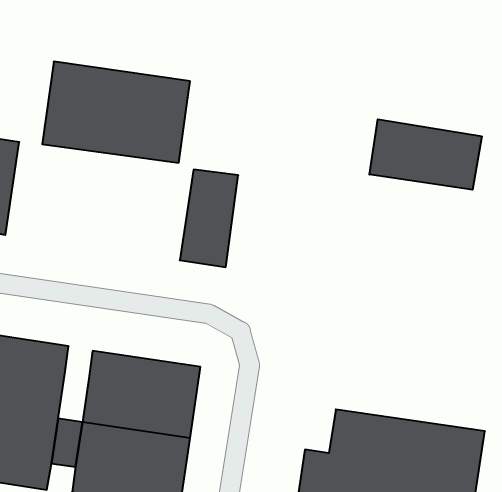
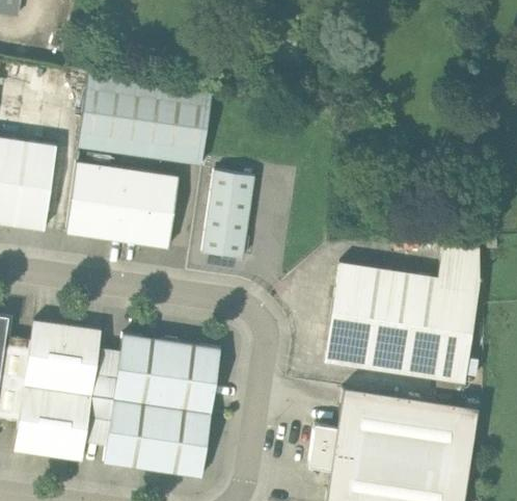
building: [369,119,482,190] -> none
building: none -> [65,162,180,247]
building: none -> [324,243,479,383]
building: none -> [91,353,119,399]

